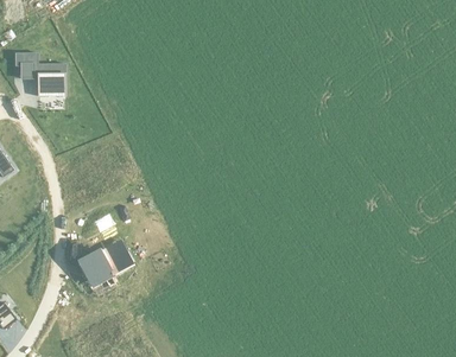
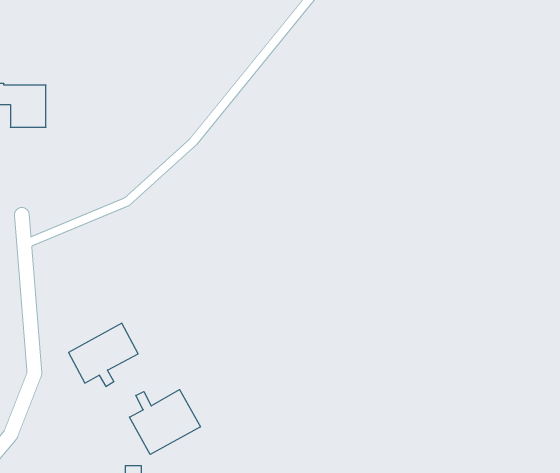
building: none -> [129,390,200,454]

